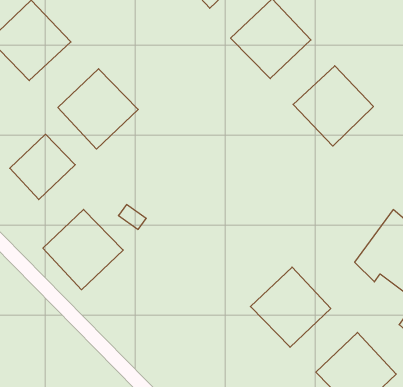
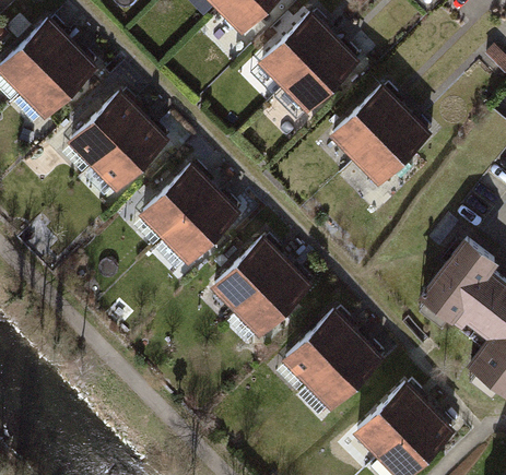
building: [10,134,75,200] -> none
building: none -> [219,242,307,331]
building: [43,209,123,290] -> [150,170,238,259]

